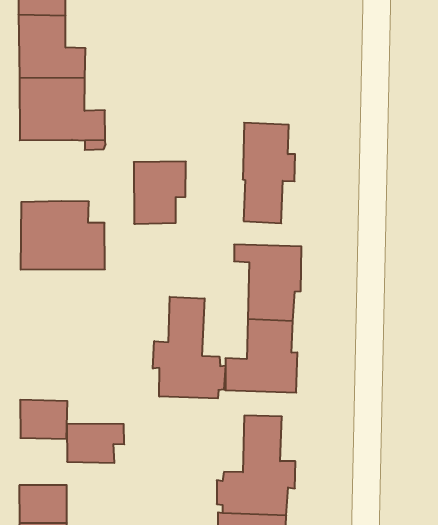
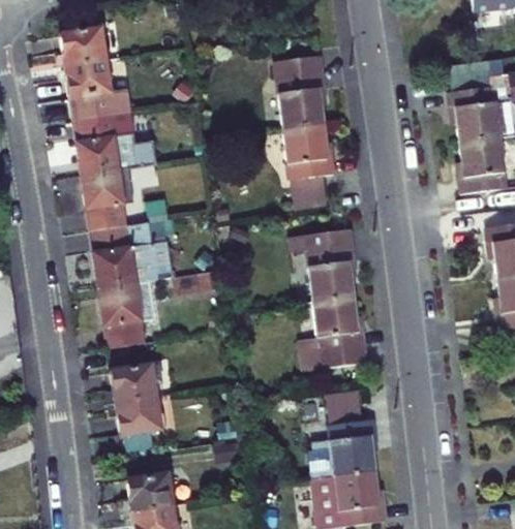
building: none -> [271,61,319,132]
building: [134,162,186,224] -> [85,169,134,230]
building: none -> [102,278,177,347]
building: [153,297,225,398] -> none
building: [67,424,124,463] -> [114,363,166,403]

